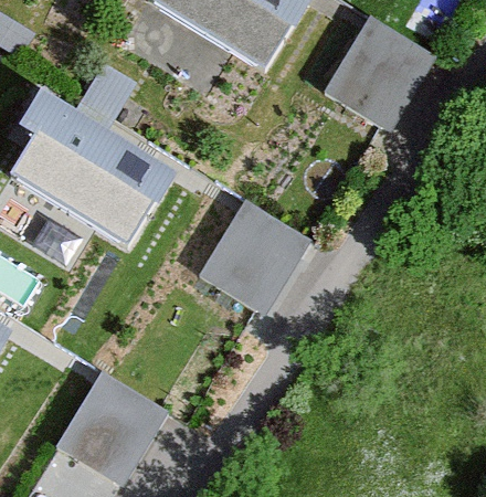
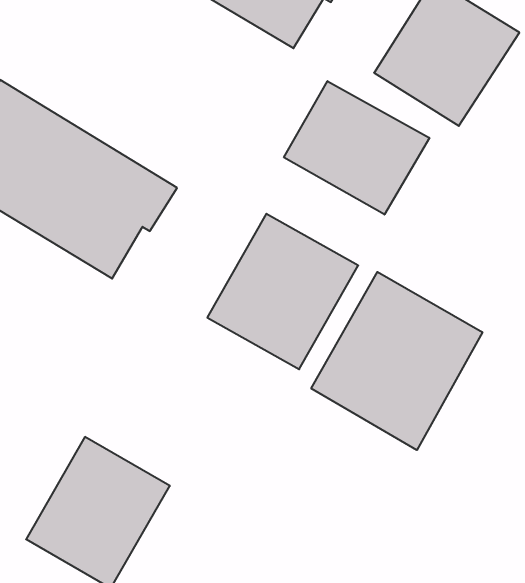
building: none -> [284,81,429,215]
building: none -> [311,272,482,450]

